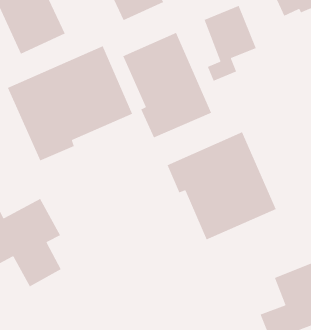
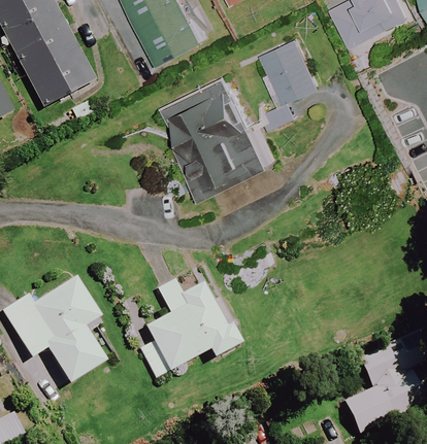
building: [7,45,133,162] -> none
building: [167,131,277,240] -> none
building: none -> [137,278,240,379]

